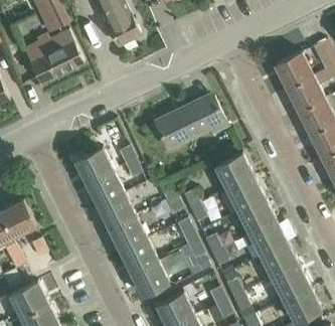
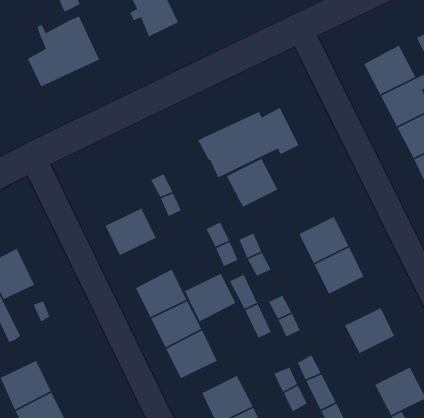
building: [75,147,114,184] -> none
building: [215,154,254,190] -> [226,158,278,208]
building: [98,193,136,229] -> [184,273,236,322]
building: [249,221,288,257] -> none
building: [272,265,309,300] -> none

